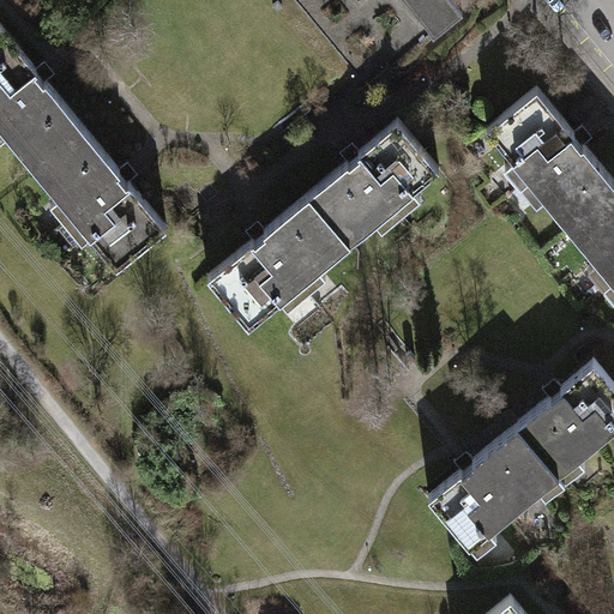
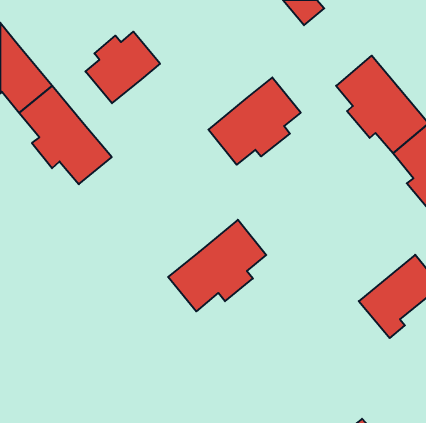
building: none -> [85,32,160,103]
building: [203,194,343,325] -> [168,220,266,311]
building: [432,439,561,562] -> none

